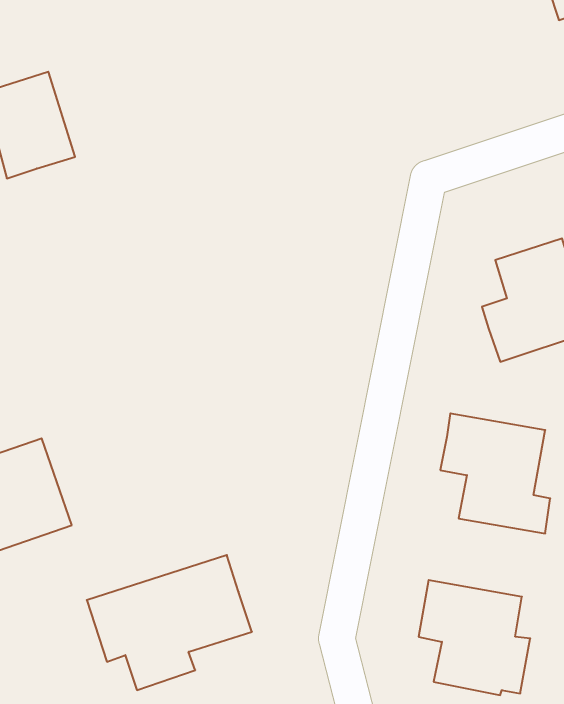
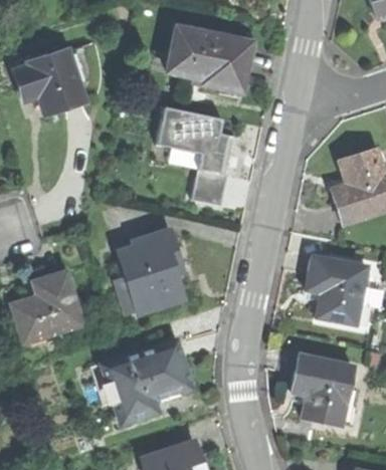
building: none -> [166,27,251,93]
building: none -> [156,107,236,206]
building: none -> [118,232,185,312]

